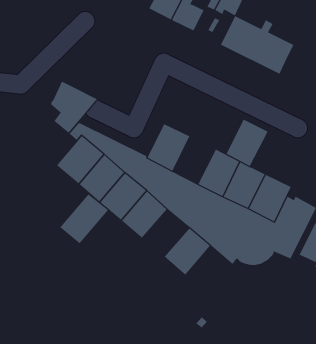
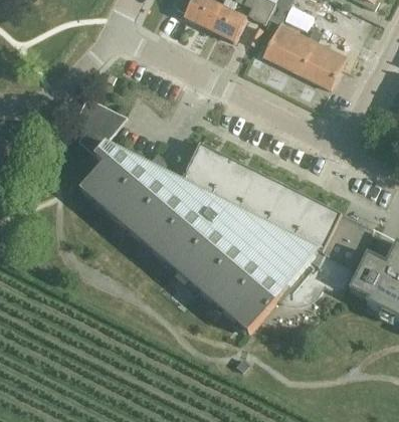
building: [226,119,268,167] -> [210,158,257,211]
building: [60,193,109,244] -> none
building: none -> [176,239,228,291]
building: none -> [224,279,276,333]

